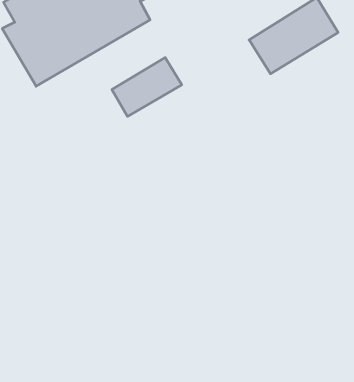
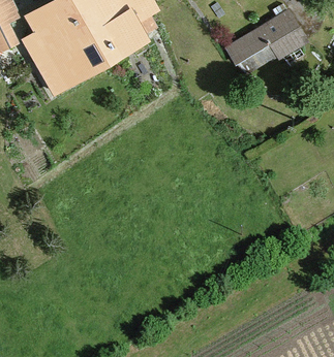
building: [112,58,182,116] -> none

